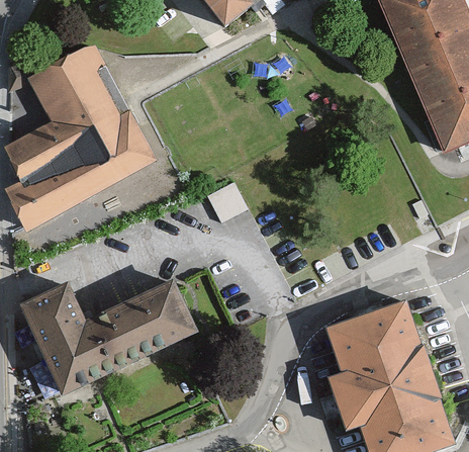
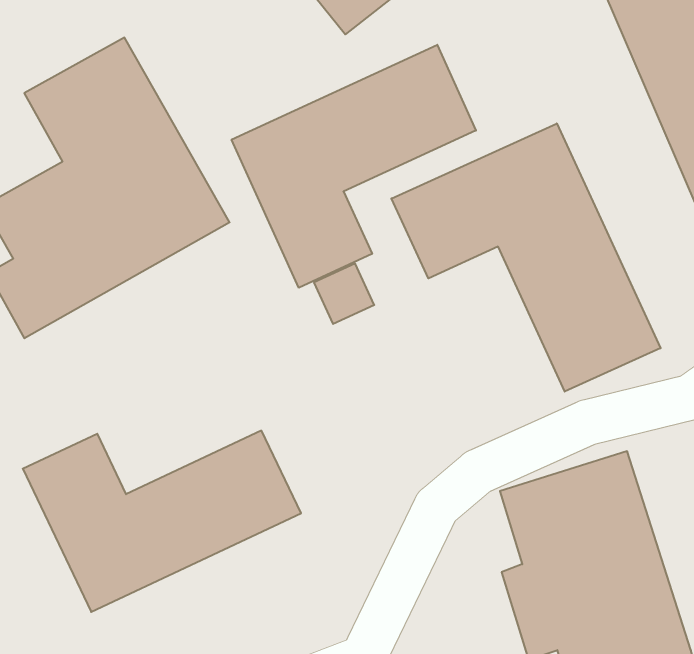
building: none -> [232,45,476,288]
building: none -> [391,123,661,392]

